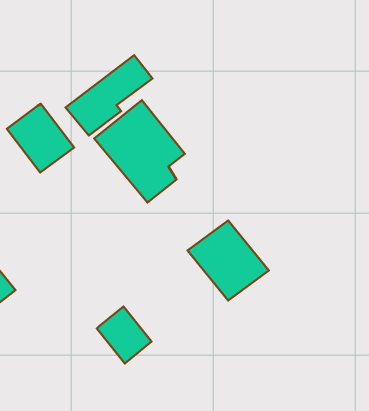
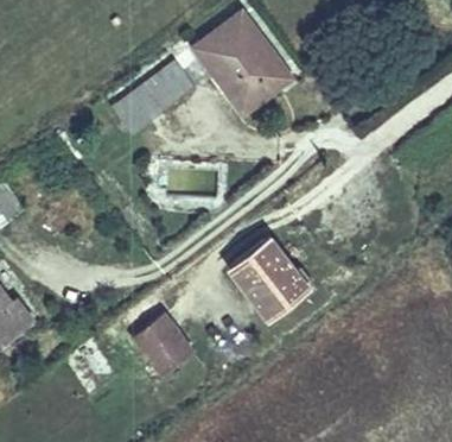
building: [94,100,185,203] -> [192,15,285,120]
building: [7,104,74,172] -> none

